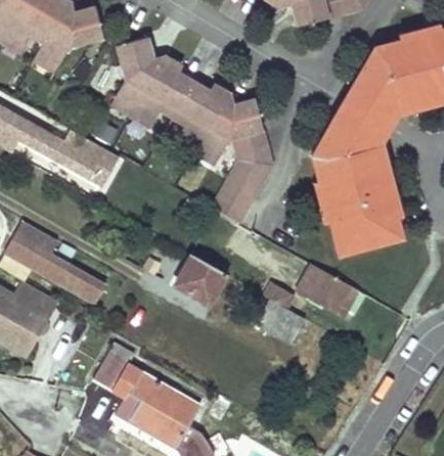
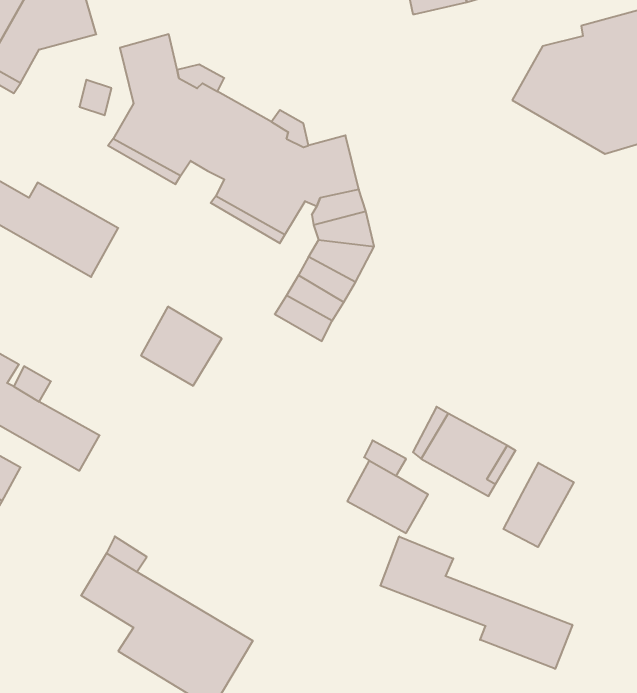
building: [312,78,412,255] -> none
building: [176,253,225,301] -> [141,307,222,386]
building: none -> [503,463,574,547]
building: none -> [380,536,572,669]

